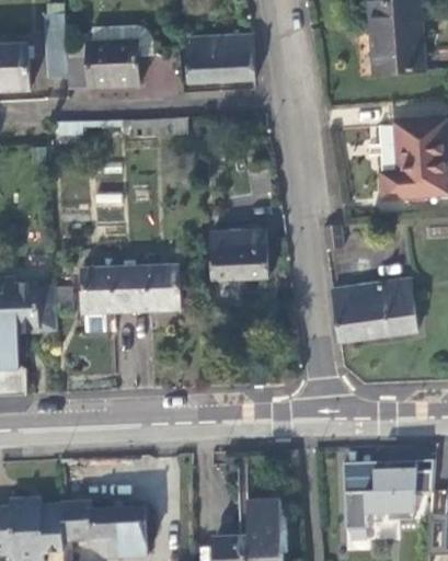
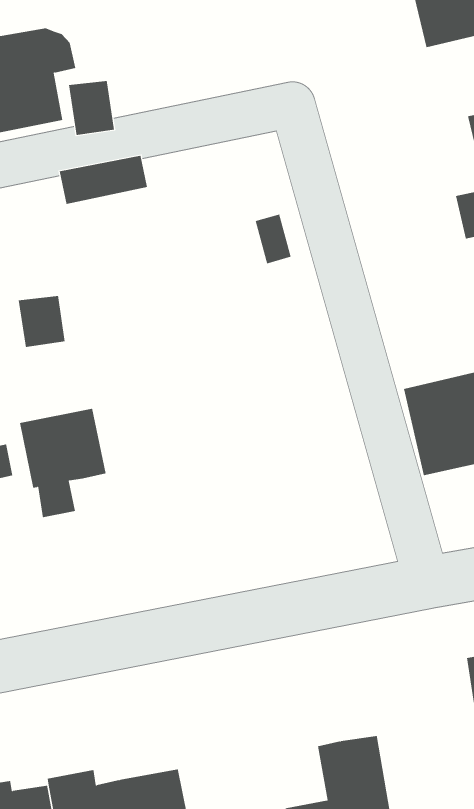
building: [188,35,254,83] -> none
building: [209,230,265,280] -> none
building: [130,267,182,312] -> none

